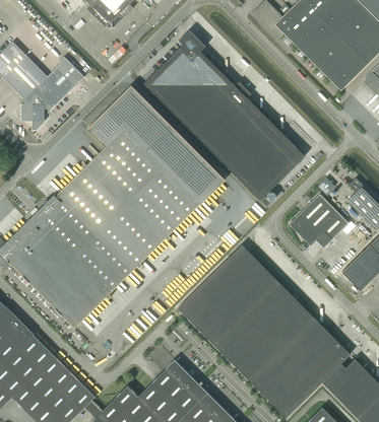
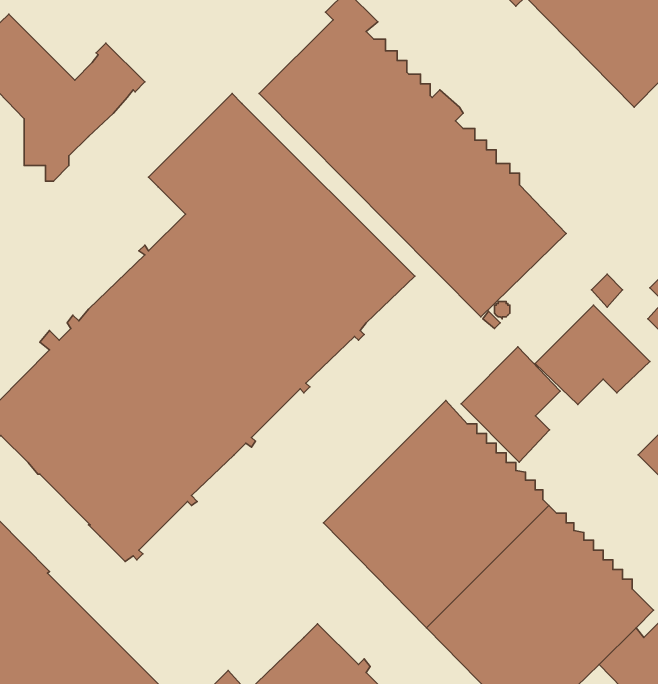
building: none -> [461,347,560,462]

